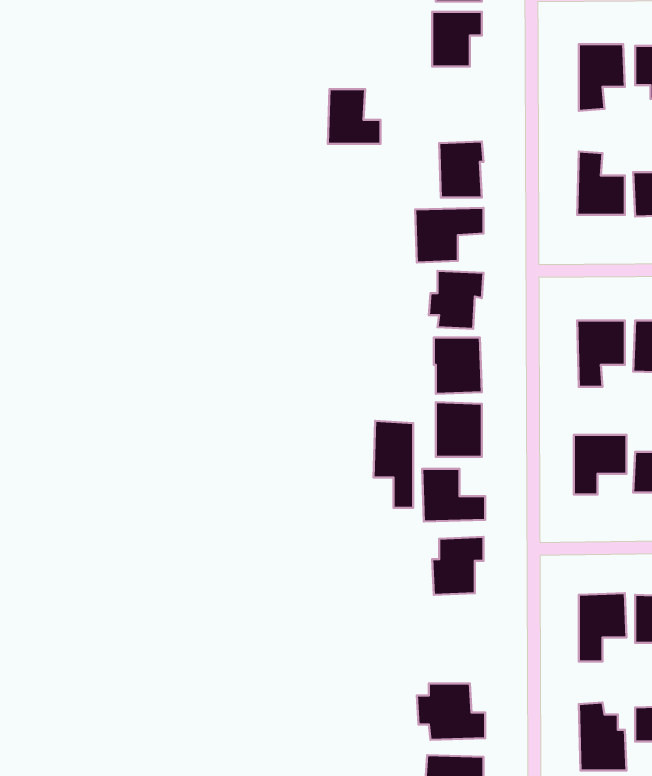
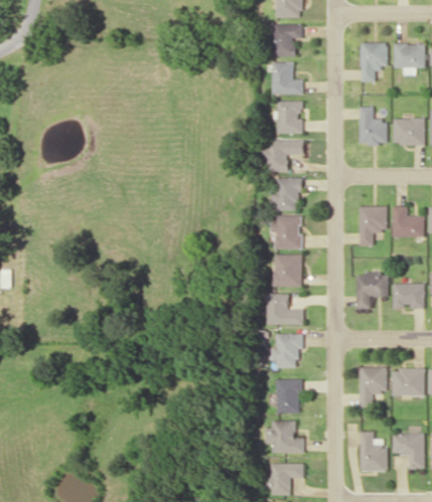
building: [328,89,381,144] -> [272,62,303,95]
building: [374,421,413,508] -> none
building: none -> [276,379,303,413]

